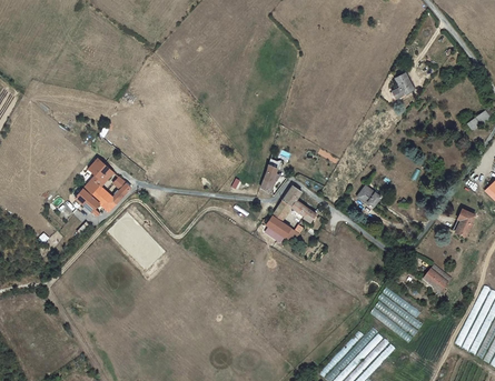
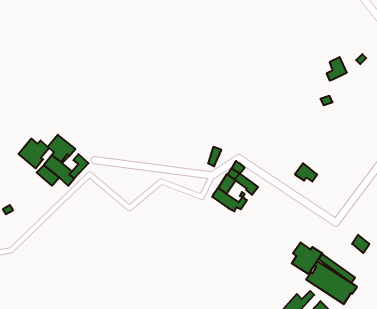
building: none -> [19,139,49,168]
building: none -> [292,242,322,274]

